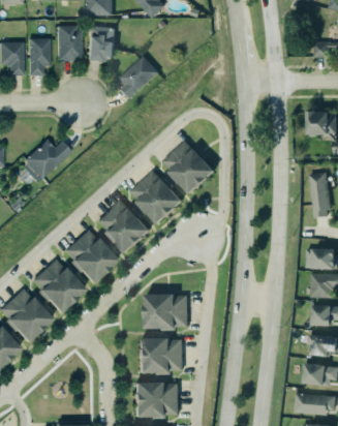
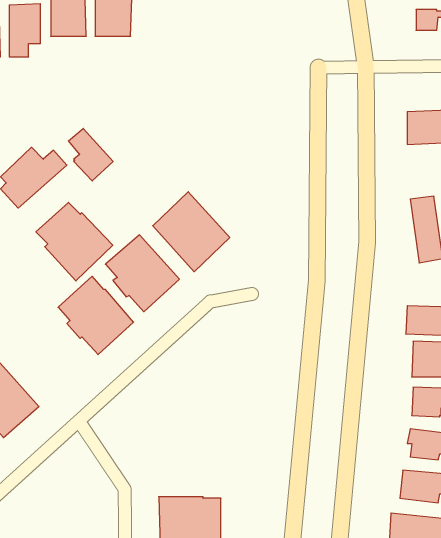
building: [120,55,159,99] -> none
building: none -> [68,128,113,181]
building: [161,140,213,192] -> none
building: [31,258,85,313] -> [36,202,113,281]
building: [143,293,186,330] -> none
building: [139,338,182,373] -> none

